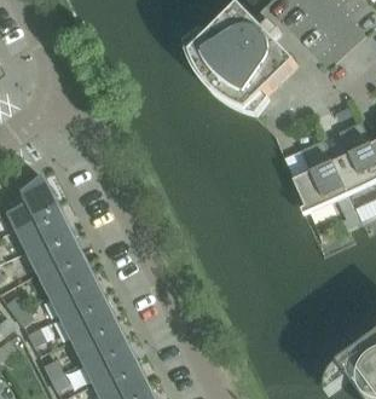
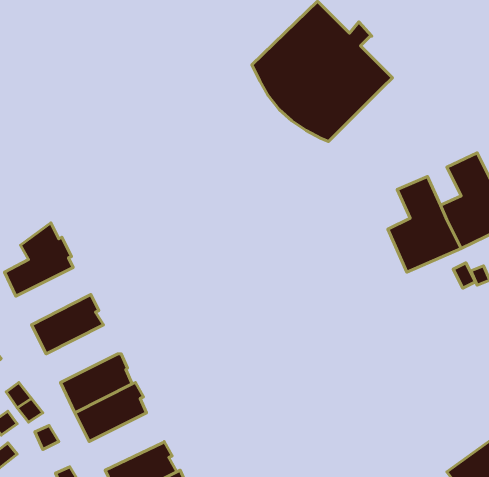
building: [13,208,68,253] -> none
building: [36,251,91,296] -> none
building: [69,318,125,363] -> none

